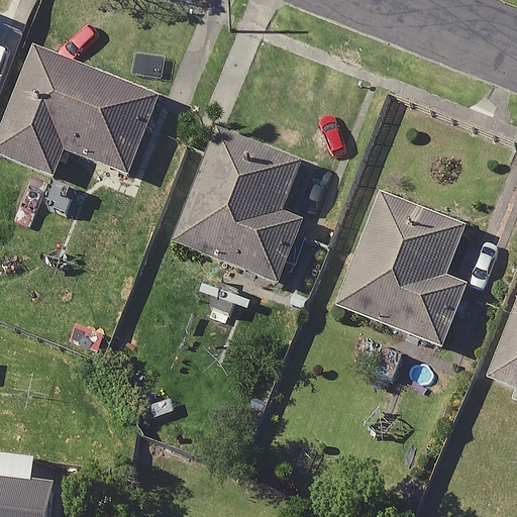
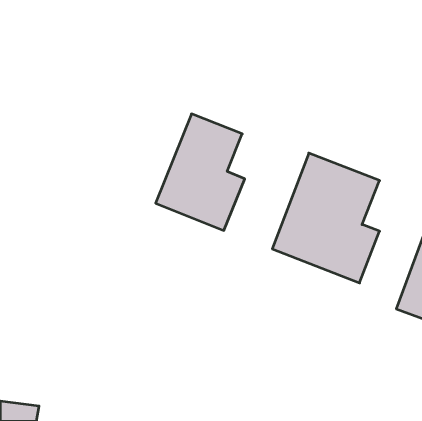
building: [11,55,177,211] -> none

